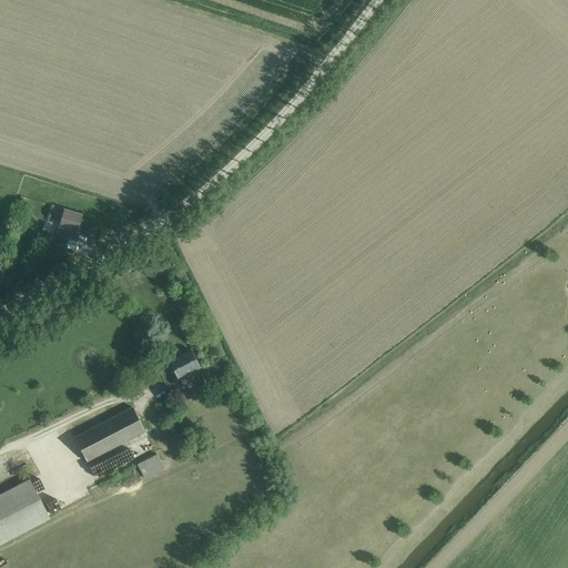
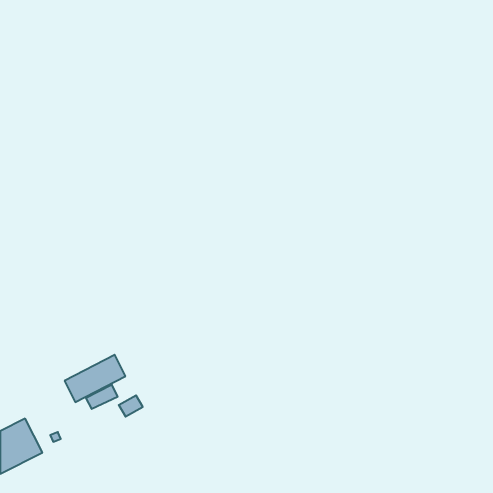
building: [49,207,82,241] -> none
building: [169,352,200,379] -> none

